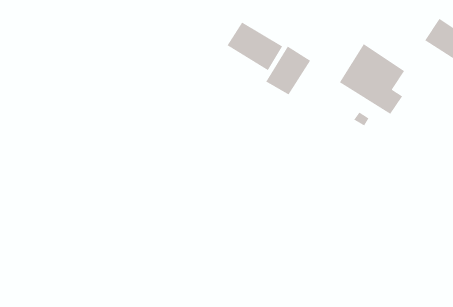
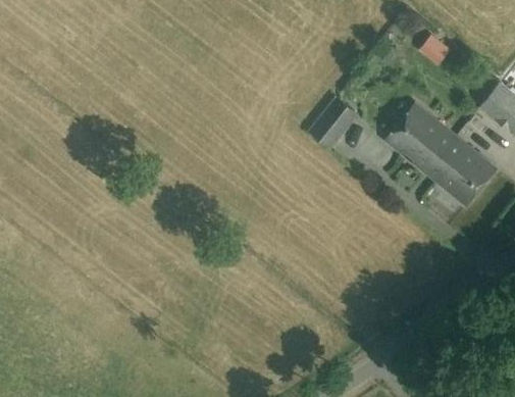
building: [226,22,283,71] -> none
building: none -> [435,136,496,205]

